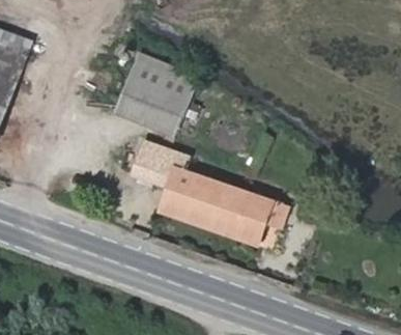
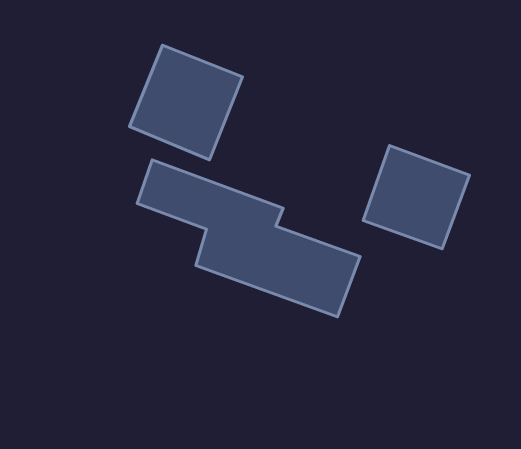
building: none -> [363,146,470,249]

